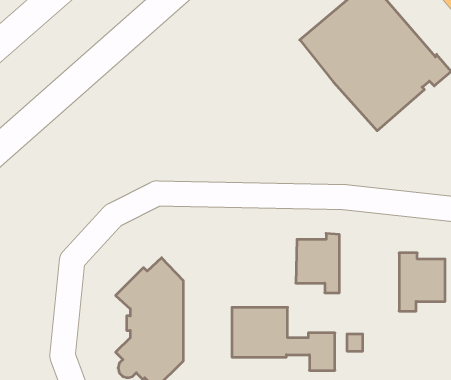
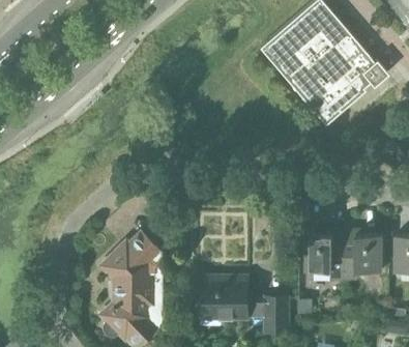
building: [296,233,339,293] -> [305,228,343,279]

